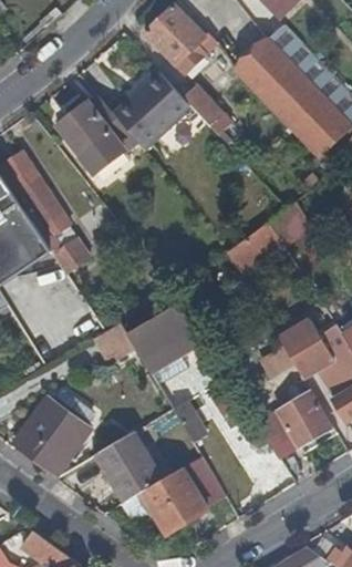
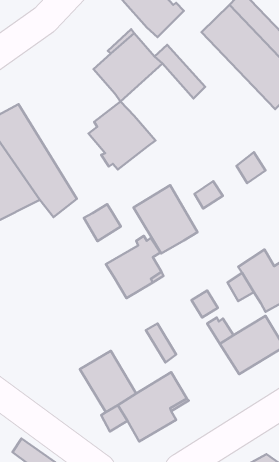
building: [61,95,137,173] -> [88,101,156,170]
building: none -> [133,185,197,253]
building: [94,322,136,364] -> [84,204,121,241]
building: [14,398,91,475] -> none

